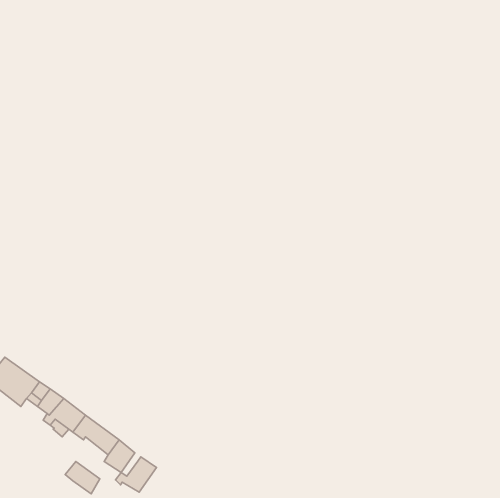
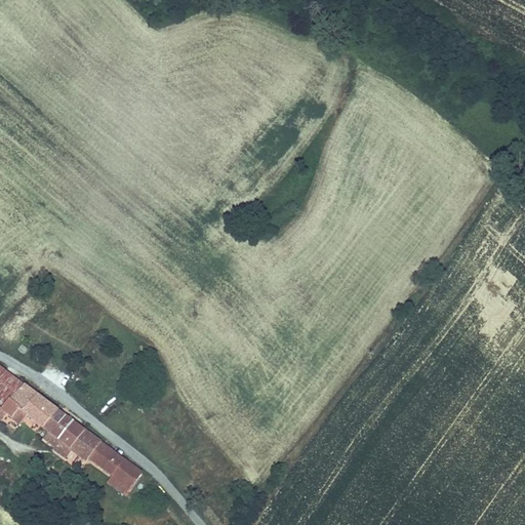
building: [116,457,156,492] -> none
building: [65,461,100,494] -> none

